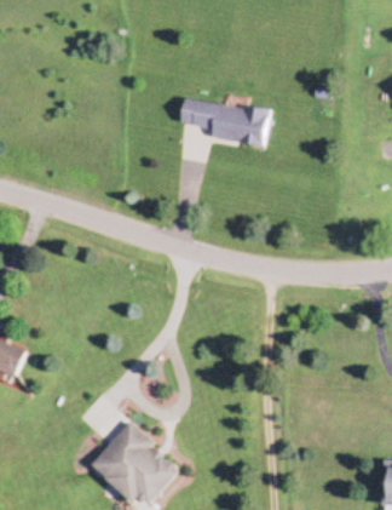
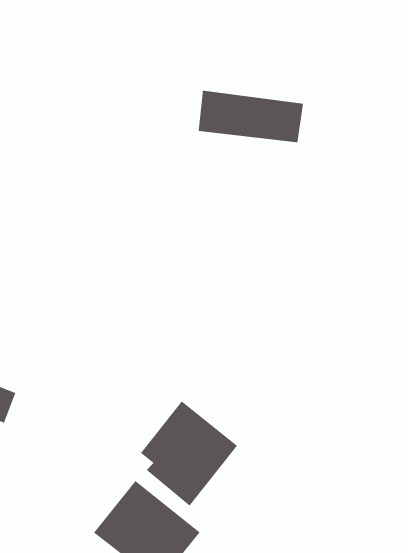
building: none -> [140,401,238,506]

